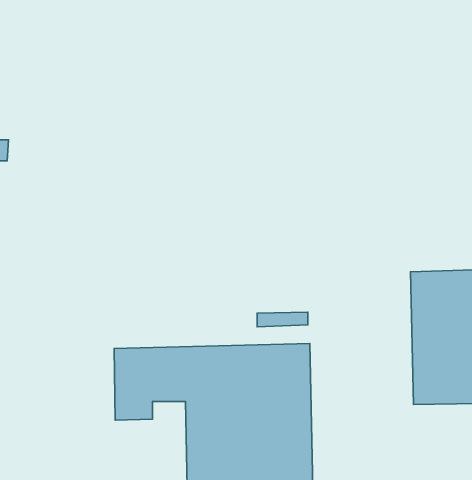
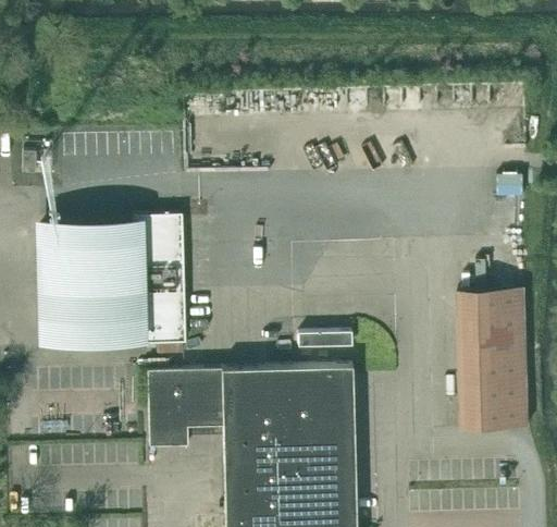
building: none -> [38,215,184,346]

